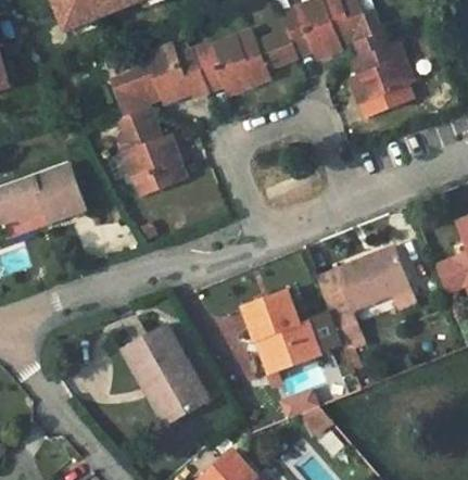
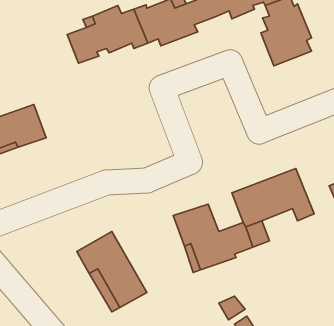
building: [118,106,186,195] -> none

